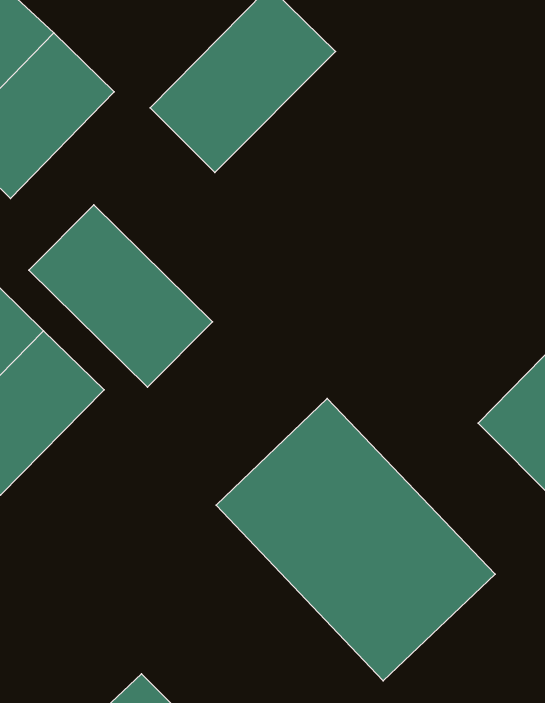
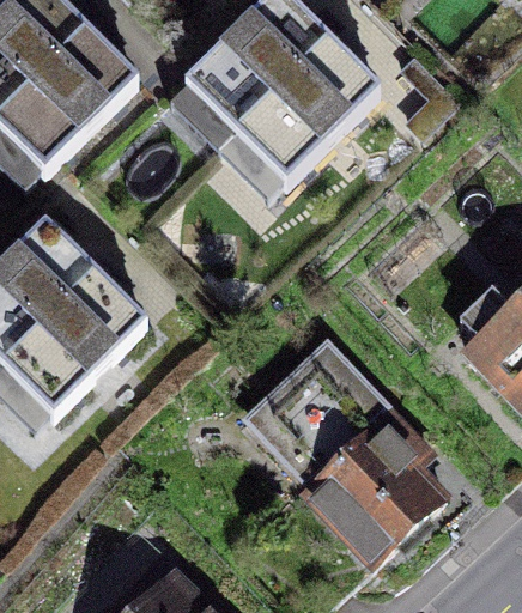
building: none -> [227,44,378,195]
building: [29,205,212,387] -> none

